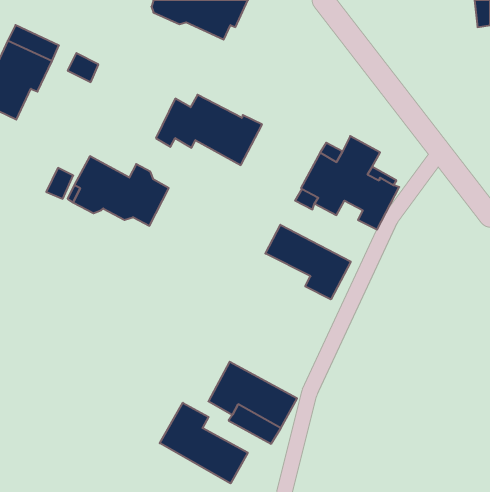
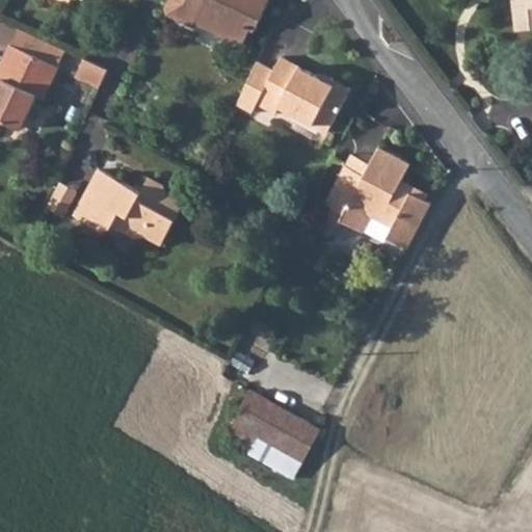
building: [156,95,262,165] -> [235,57,349,133]
building: [265,225,351,299] -> none
building: [160,403,248,483] -> none

